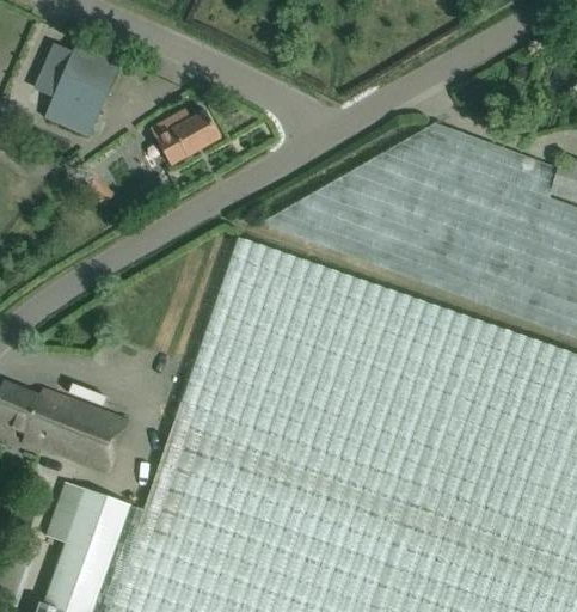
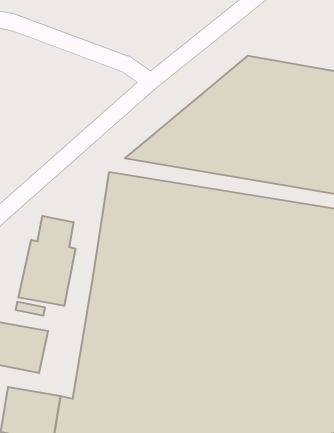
building: [161,112,220,166] -> none
building: none -> [18,216,75,306]

